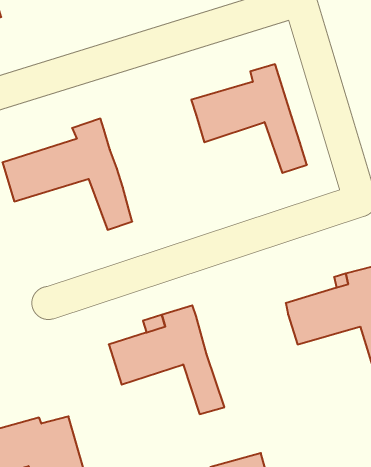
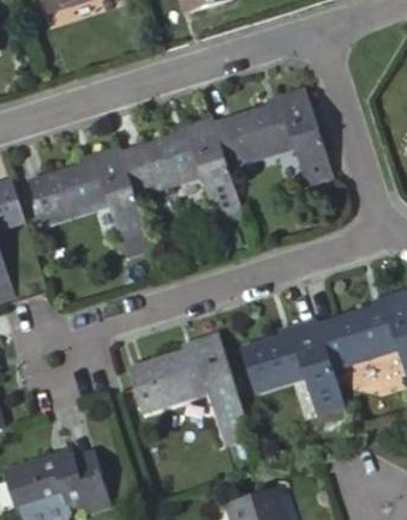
building: none -> [128,115,247,226]
building: none -> [233,318,341,429]

